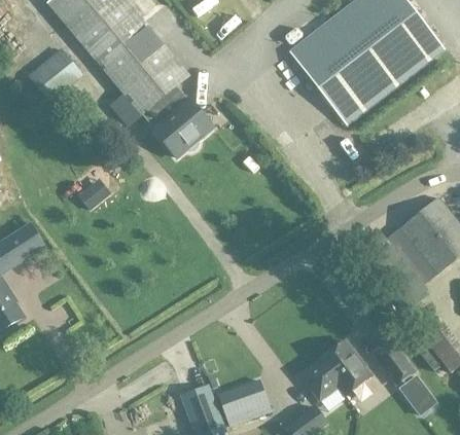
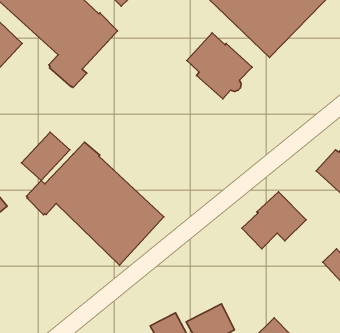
building: [144,82,213,154] -> [187,33,252,99]
building: none -> [27,142,164,265]
building: [300,338,370,397] -> [242,192,306,249]

